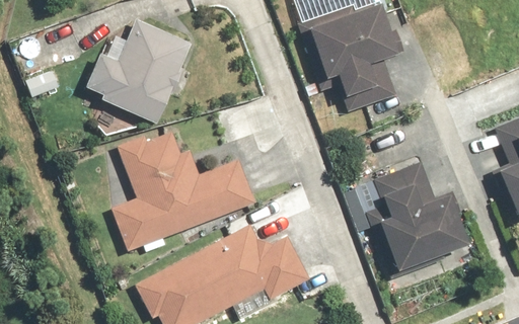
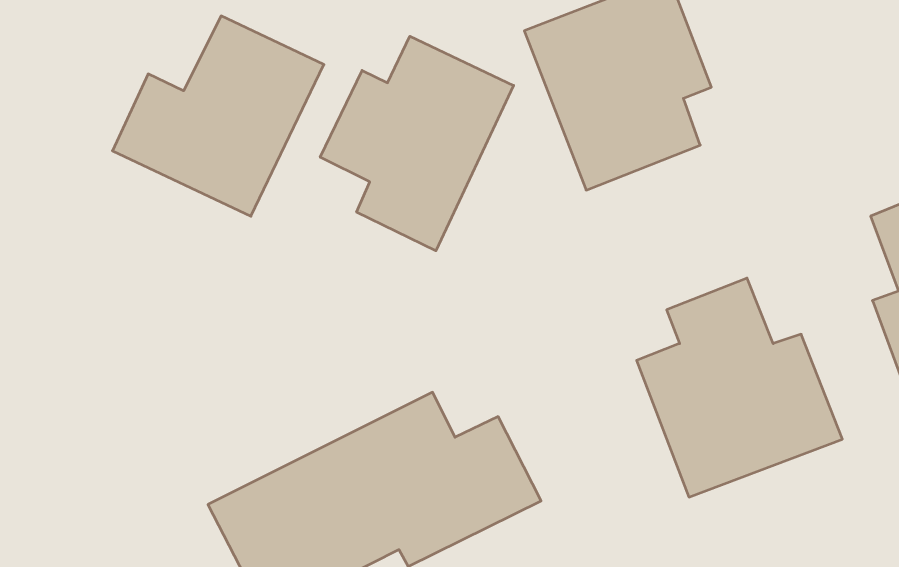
building: none -> [320,36,514,251]
building: [112,122,262,250] -> none

